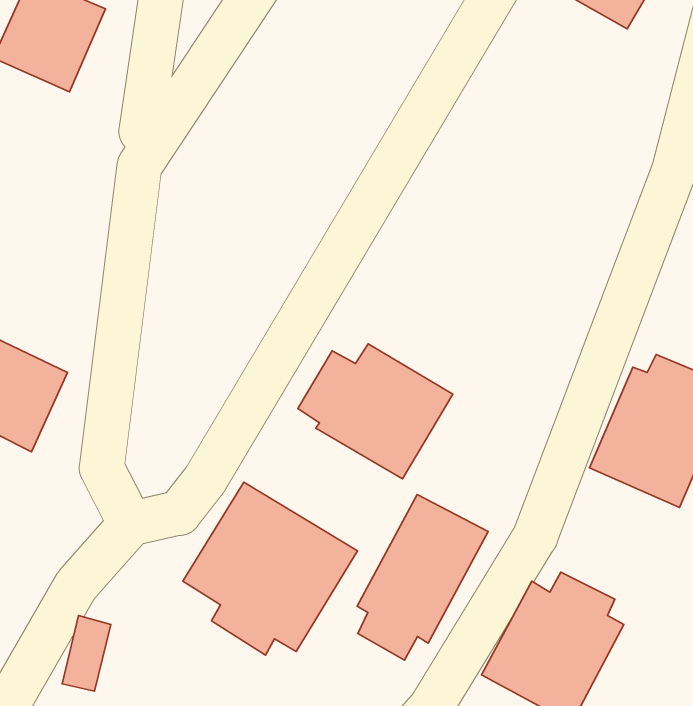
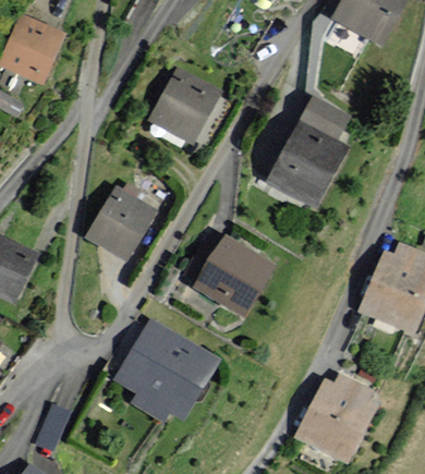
building: none -> [148,65,222,142]
building: none -> [267,96,351,208]
building: none -> [86,185,156,258]
building: [357,495,488,660] -> none

